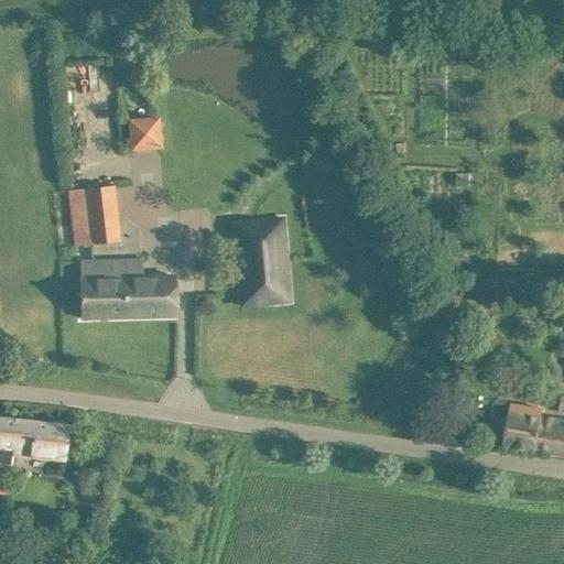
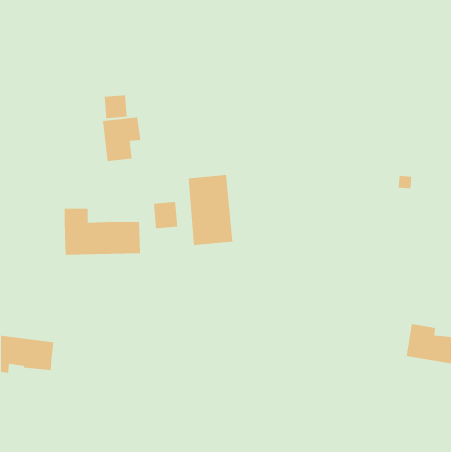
building: [70,188,119,245] -> [102,116,141,162]
building: none -> [153,201,178,229]

